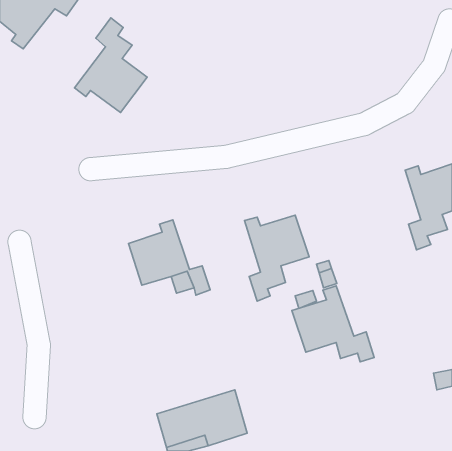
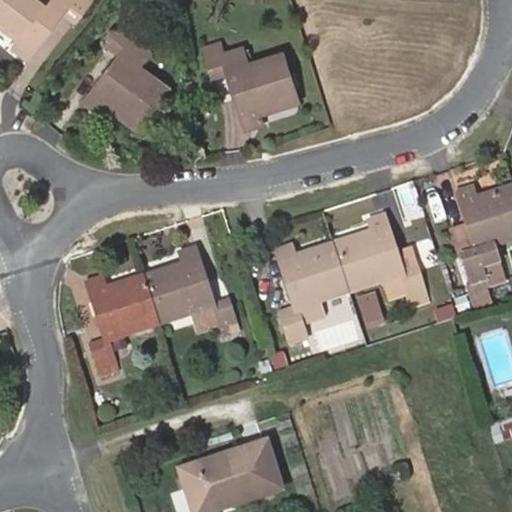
building: none -> [201,41,296,126]
building: none -> [88,275,160,372]
building: [292,286,374,362] -> [333,215,426,301]

